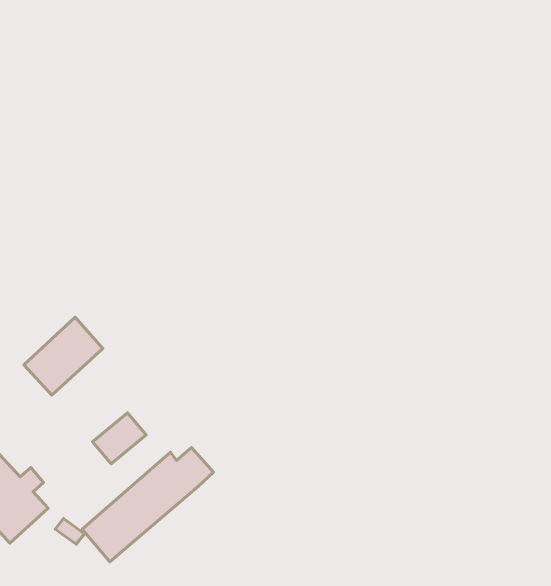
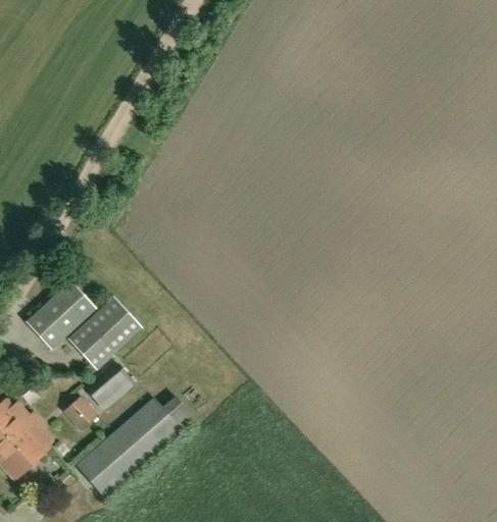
building: none -> [66,296,142,368]
building: none -> [63,396,95,427]

